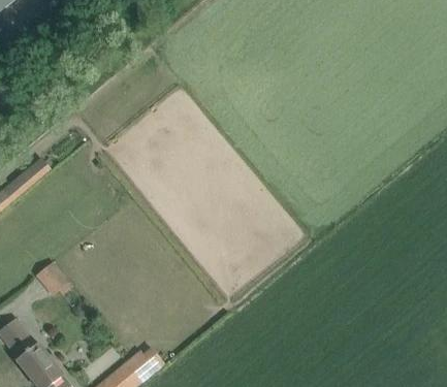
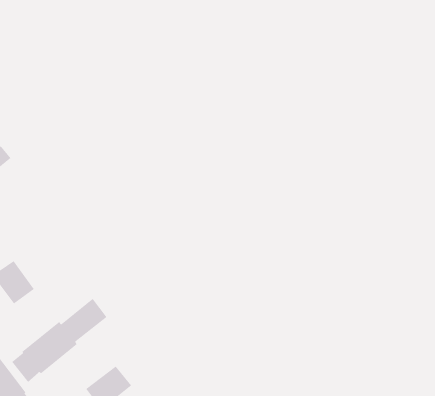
building: none -> [11,298,107,383]

